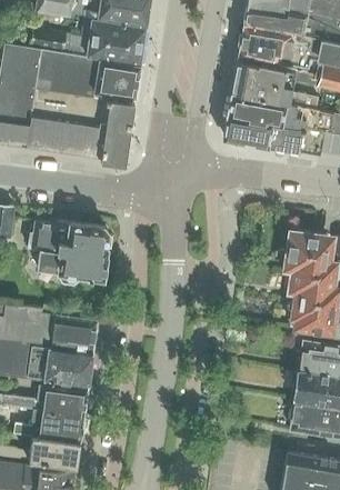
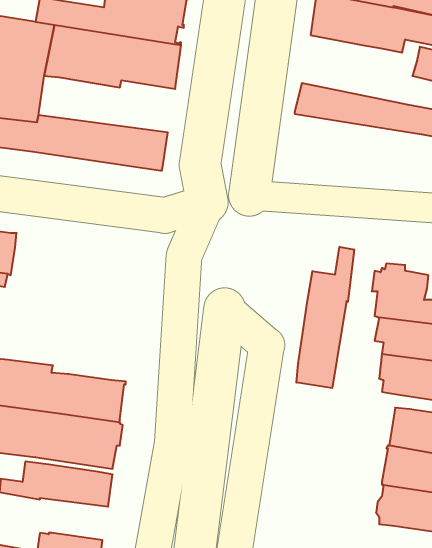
building: [231,59,316,109] -> none
building: [31,87,133,130] -> none
building: [223,116,323,156] -> none
building: none -> [296,247,354,388]
building: [28,220,109,284] -> none
building: [13,409,86,441] -> none

